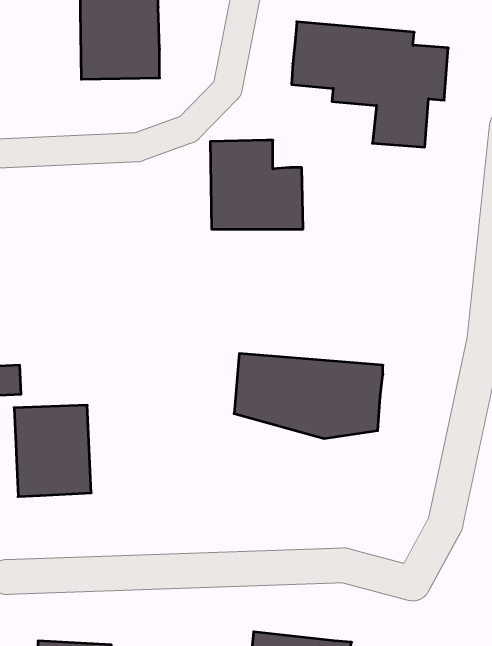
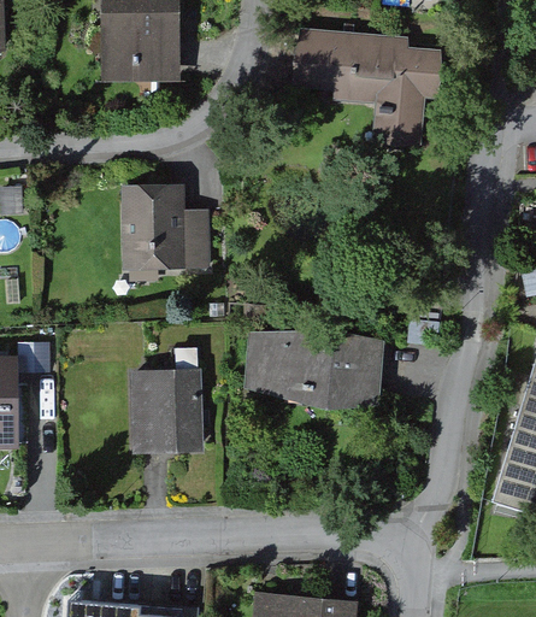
building: [210,140,303,229] -> [123,187,208,269]
building: [14,405,91,497] -> [132,374,204,458]

